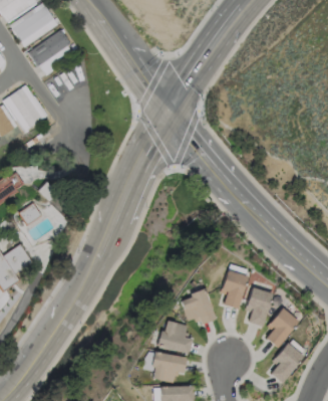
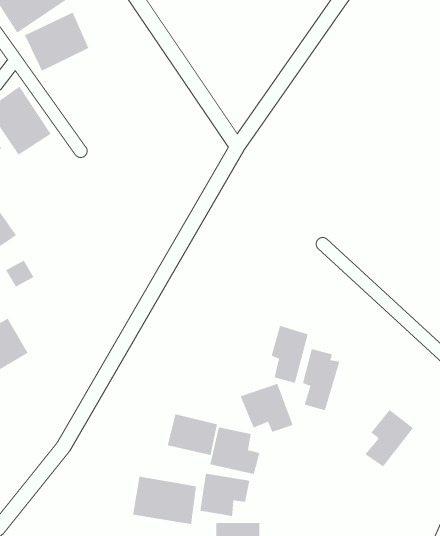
building: [246,286,272,327] -> [271,325,309,383]
building: none -> [167,414,218,456]
building: [270,338,307,383] -> none
building: none -> [133,476,197,525]

